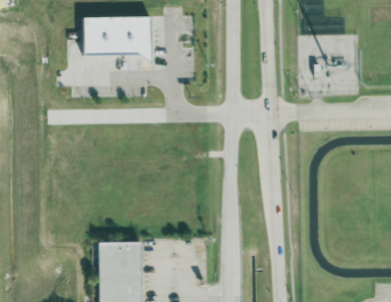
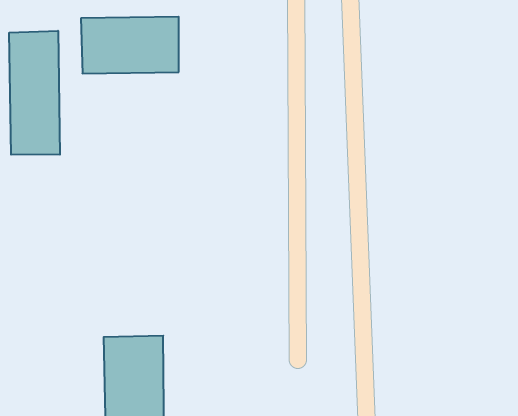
building: none -> [9,31,60,155]

